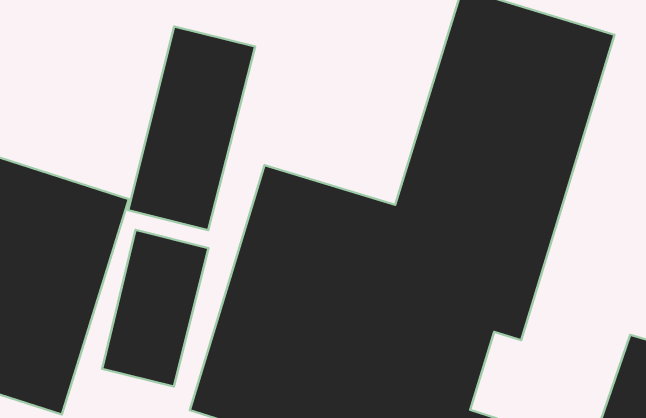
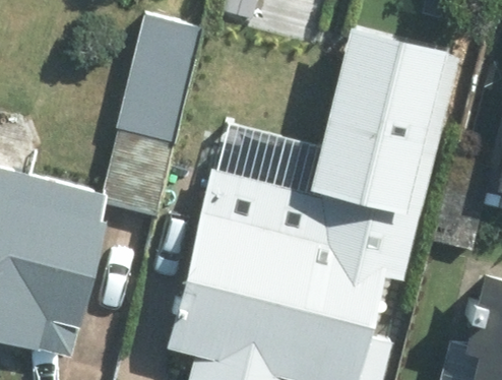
building: [102,230,208,387] -> none

